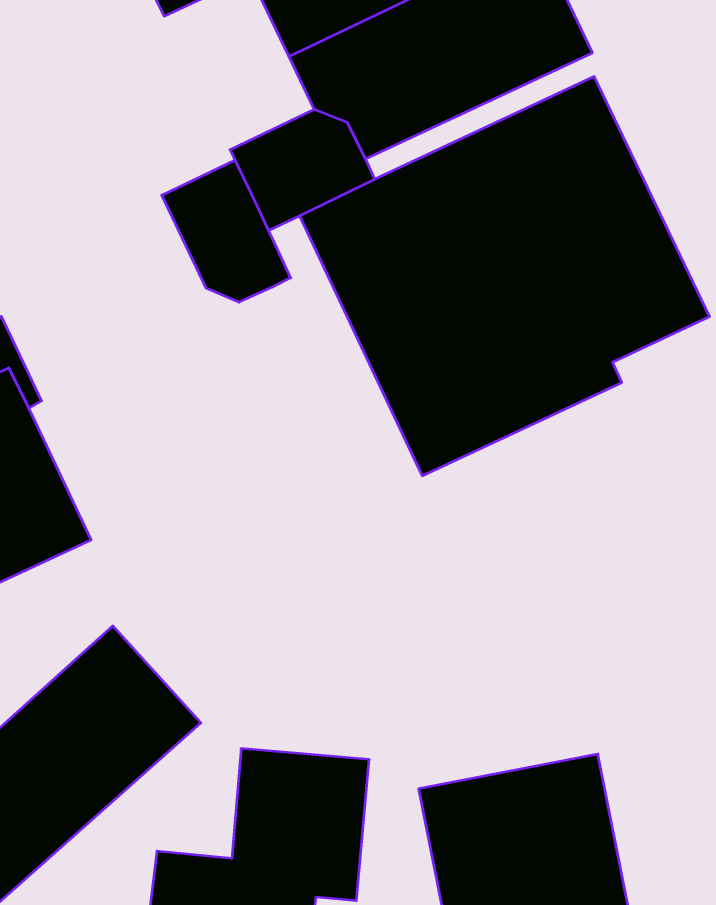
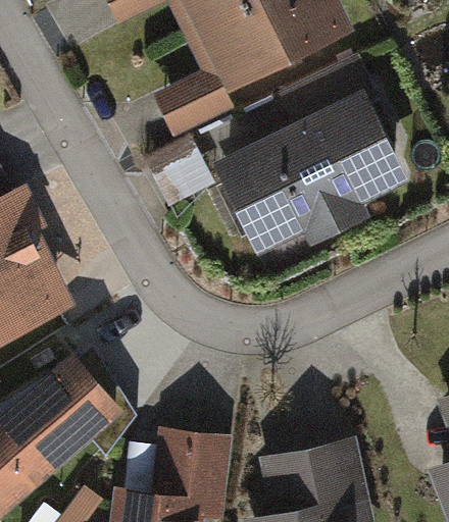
building: [162,160,291,302] -> none

